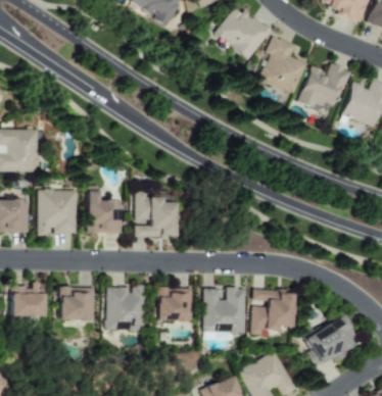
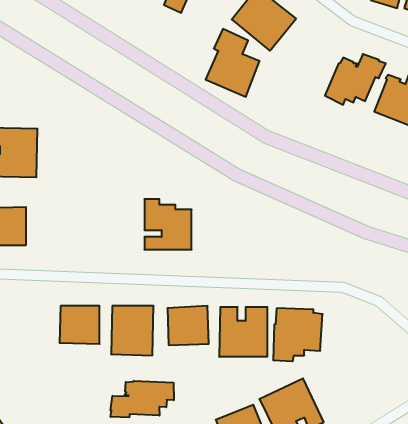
building: [257,35,305,95] -> [206,29,260,97]
building: [88,186,125,234] -> none
building: [39,190,80,235] -> none
building: [13,285,48,316] -> none
building: [305,315,361,367] -> none
building: none -> [110,381,174,417]

